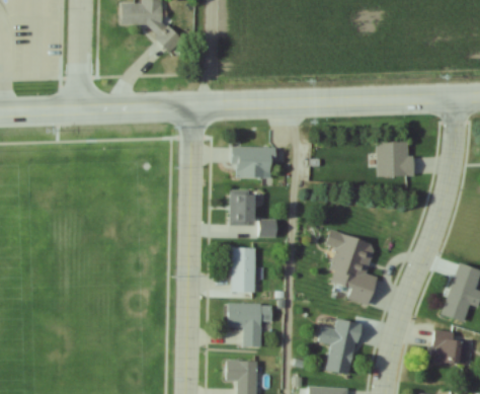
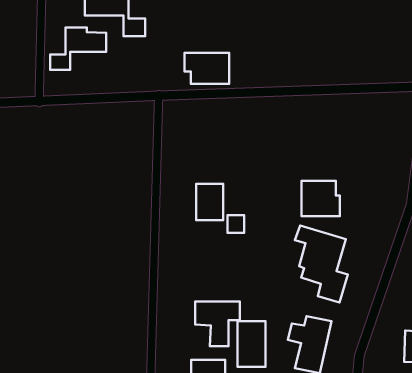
building: none -> [50,28,106,70]
building: [376,142,413,176] -> [301,181,340,216]
building: [229,147,272,177] -> [185,53,229,84]
building: [229,247,256,292] -> [237,321,265,367]

